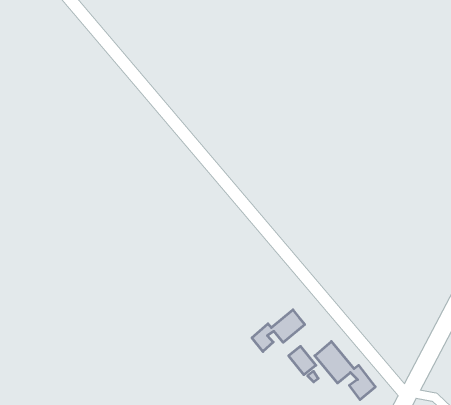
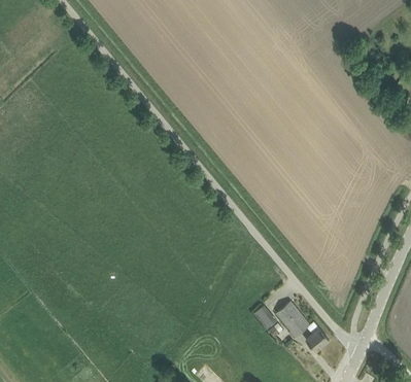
building: [252,310,305,352] -> none

